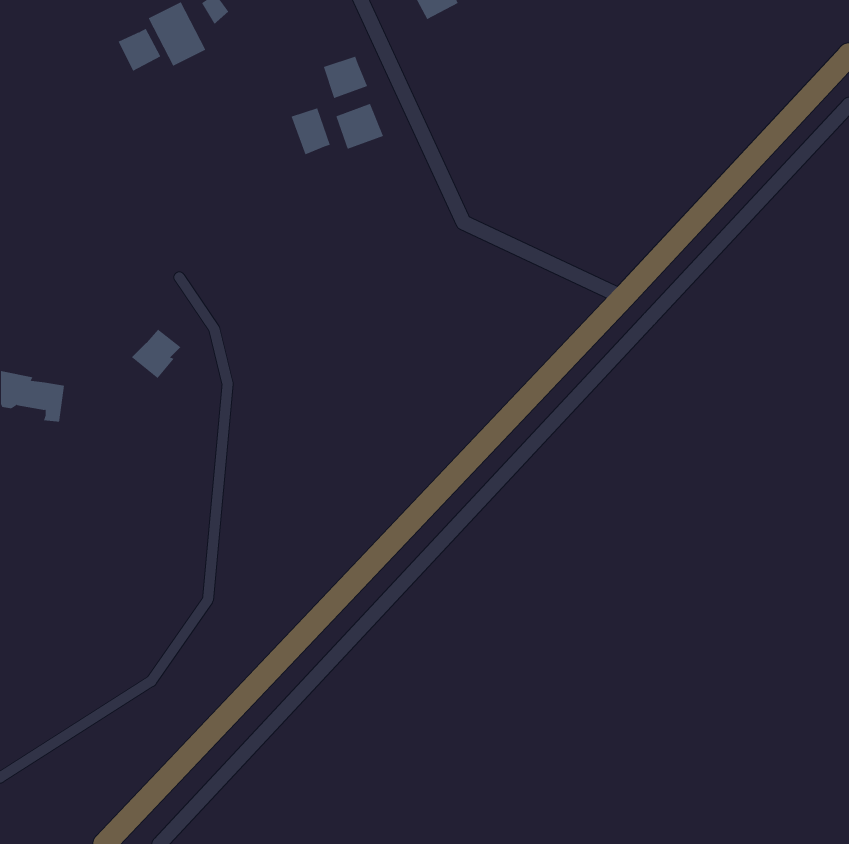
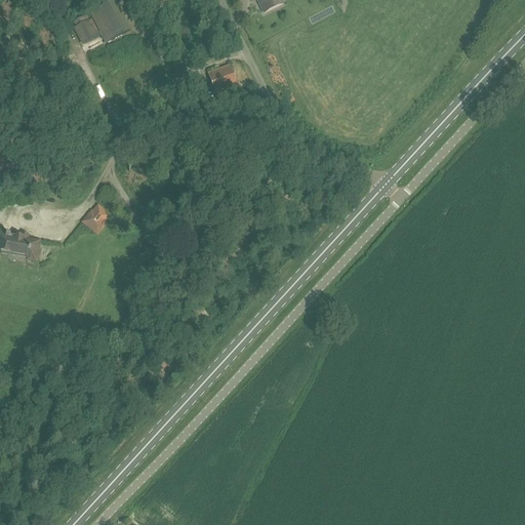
building: [323,56,368,99] -> none
building: [291,107,330,155] -> none

